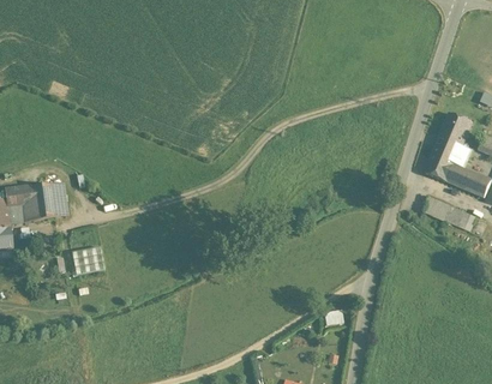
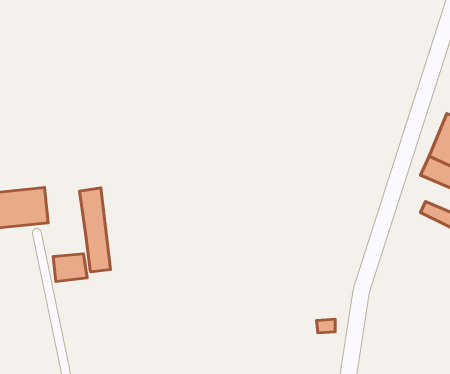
building: none -> [80,188,111,272]

